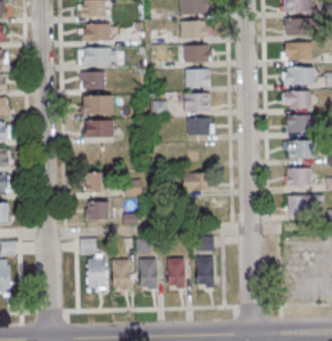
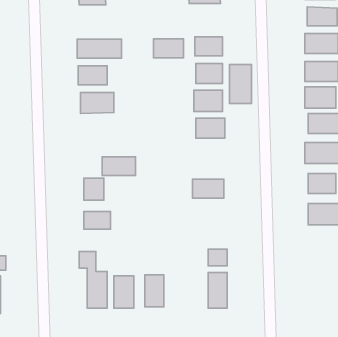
building: [181,21,208,38] -> [153,39,183,58]
building: [83,23,115,41] -> none
building: none -> [229,64,252,104]
building: [84,120,114,137] -> [102,157,136,176]
building: [168,257,185,288] -> none

